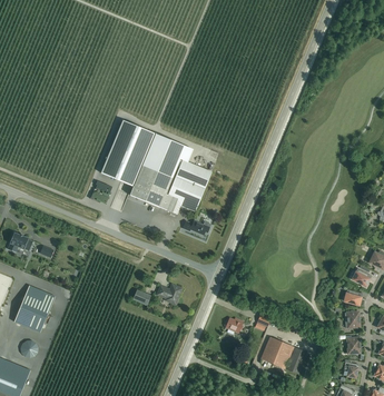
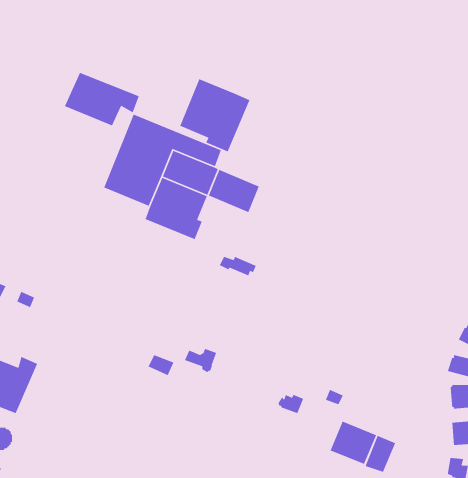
building: none -> [64,72,140,127]
building: none -> [179,78,250,152]
building: [166,178,204,214] -> none

